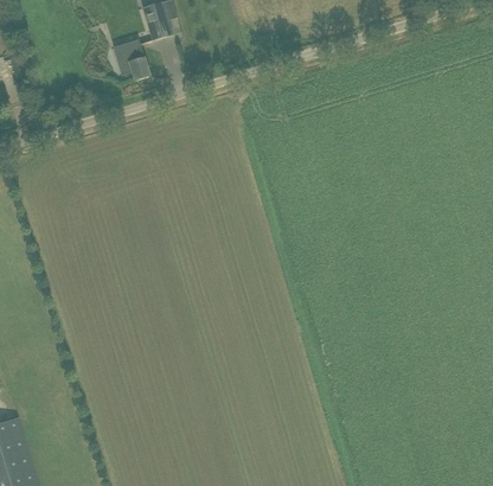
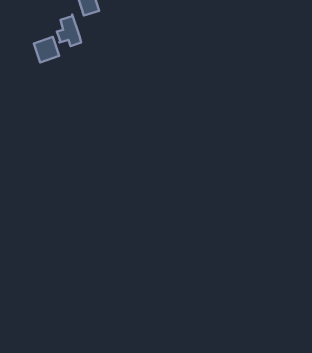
building: none -> [34,37,59,63]

